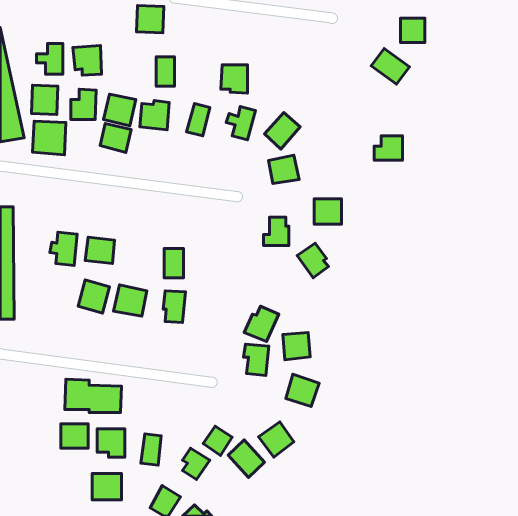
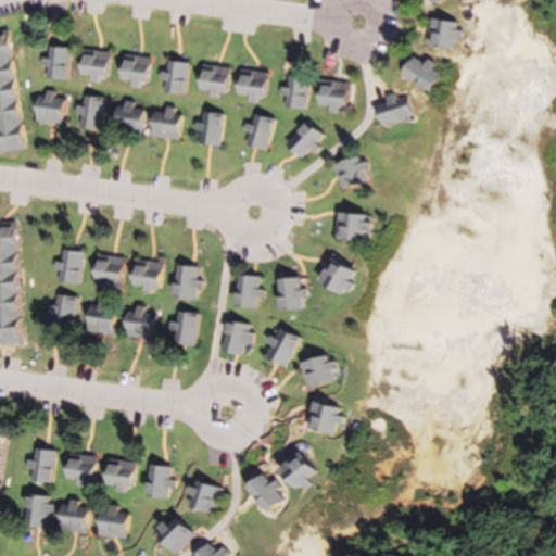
building: [137,6,164,33] -> [118,54,148,84]
building: none -> [199,63,227,97]
building: none -> [280,74,307,108]
building: none -> [315,78,345,106]
building: [32,121,66,155] -> none
building: [100,124,131,153] -> none
building: [374,136,403,160] -> [375,92,405,118]
building: [269,155,299,184] -> [334,155,367,186]
building: [264,217,289,246] -> [276,278,303,308]
building: none -> [130,258,161,290]
building: none -> [232,276,256,306]
building: none -> [56,295,75,329]
building: [243,344,269,375] -> [223,321,250,355]
building: [65,379,121,413] -> [28,495,89,531]
building: none -> [34,448,56,481]
building: [203,426,232,456] -> none

